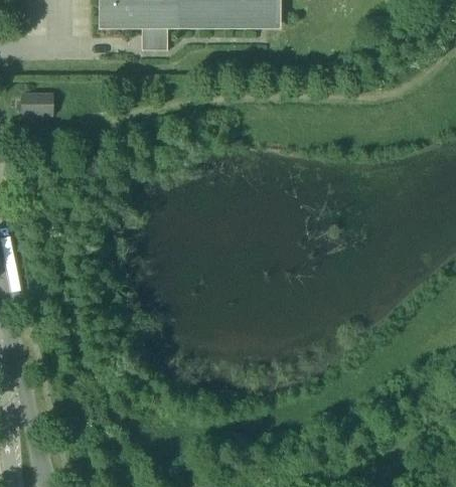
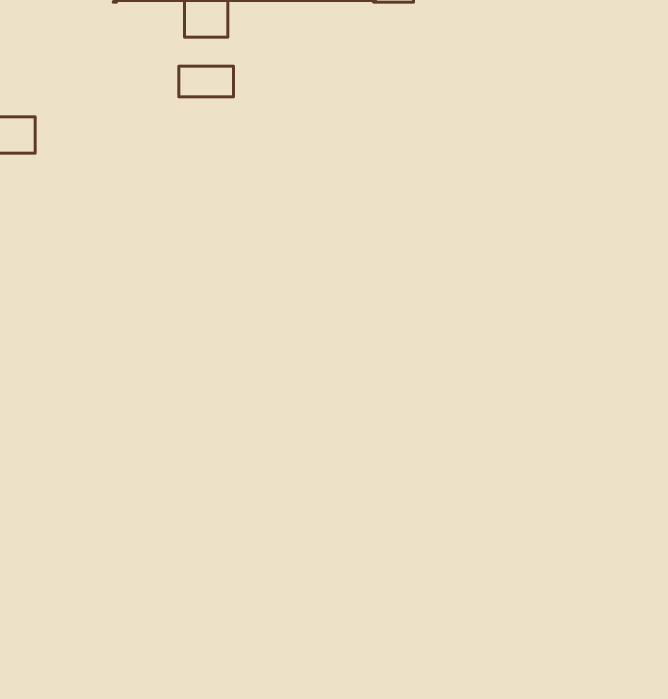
building: none -> [179,66,233,97]

